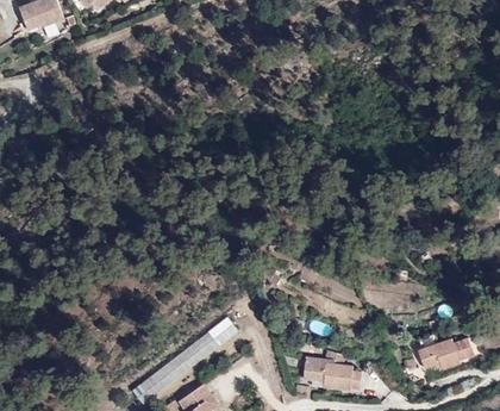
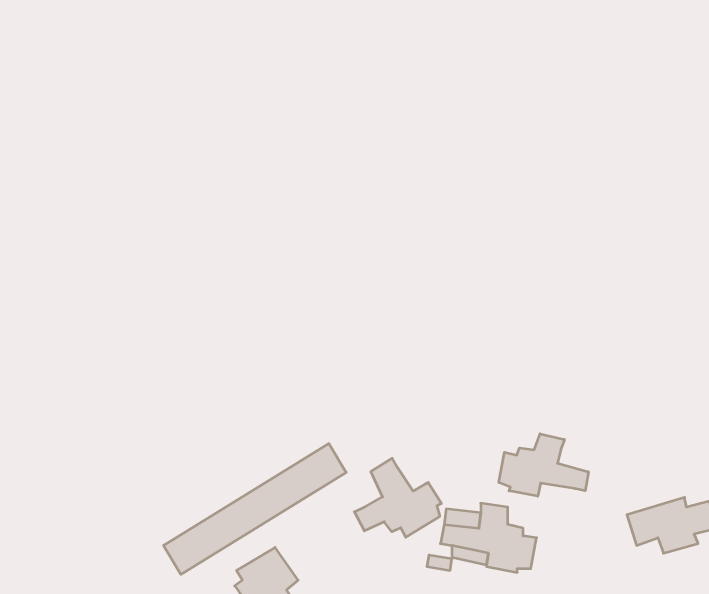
building: none -> [499,434,588,496]
building: none -> [354,458,441,537]

